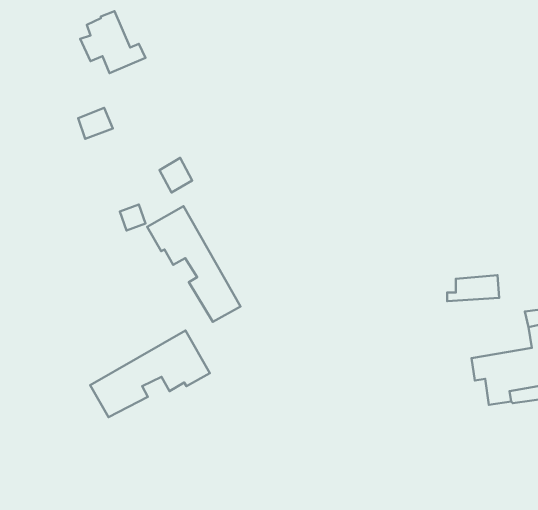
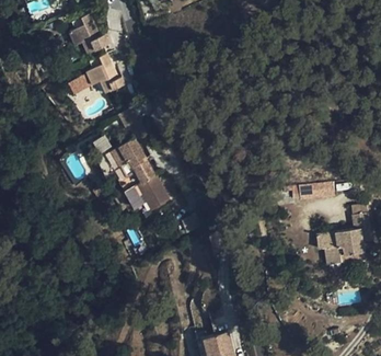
building: none -> [85,55,127,94]
building: [90,331,210,417] -> none

